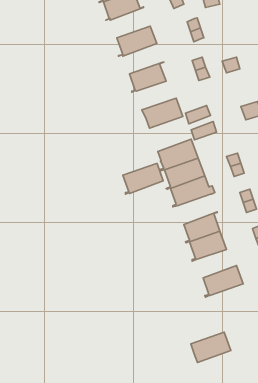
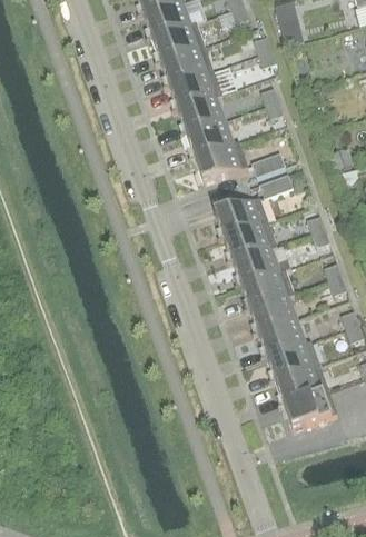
building: none -> [151,21,205,62]
building: none -> [168,69,221,110]
building: none -> [186,119,239,158]
building: [123,163,163,194] -> [240,269,294,310]
building: none -> [266,342,319,381]
building: [191,332,231,362] -> [284,388,337,428]

